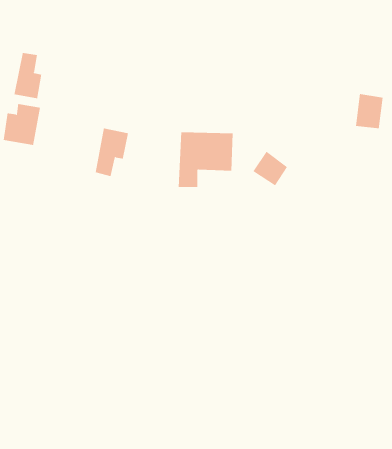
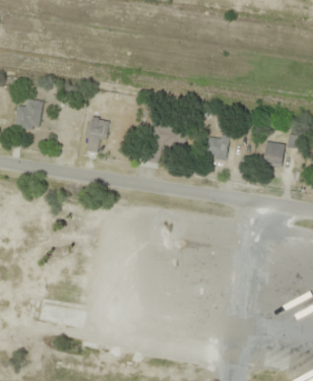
building: [14,52,42,99] -> none
building: [355,93,384,129] -> [263,140,285,167]

